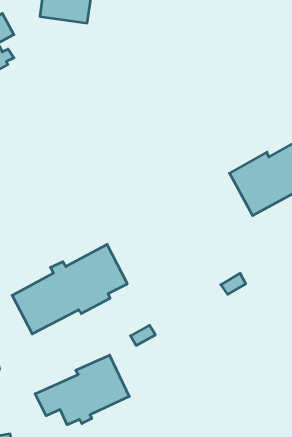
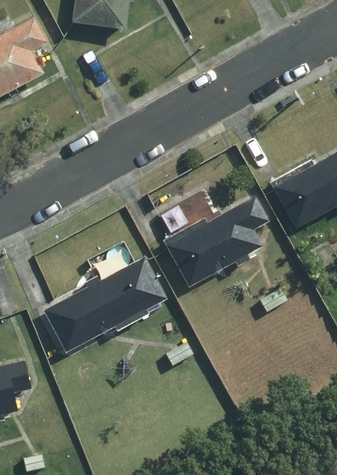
building: none -> [164,197,267,285]
building: [35,355,129,425] -> none

